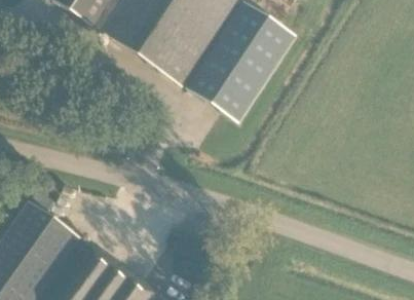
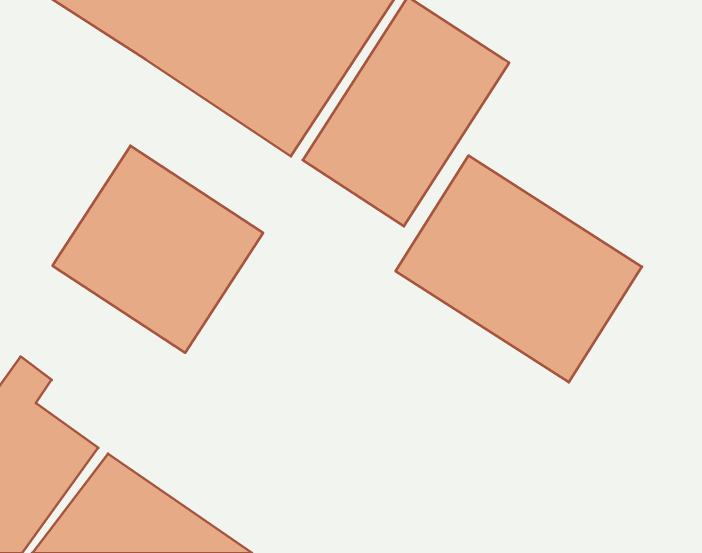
building: none -> [53,146,263,353]
building: none -> [396,156,642,382]

